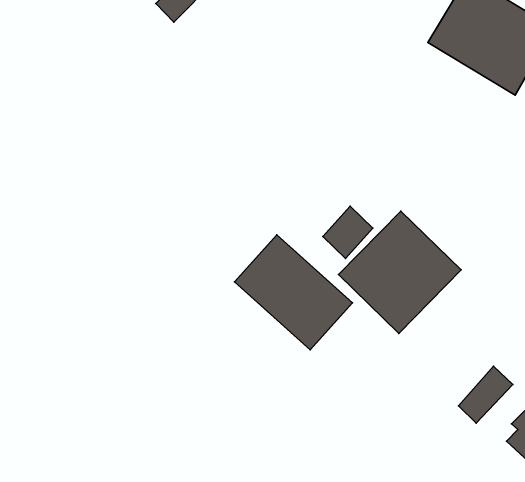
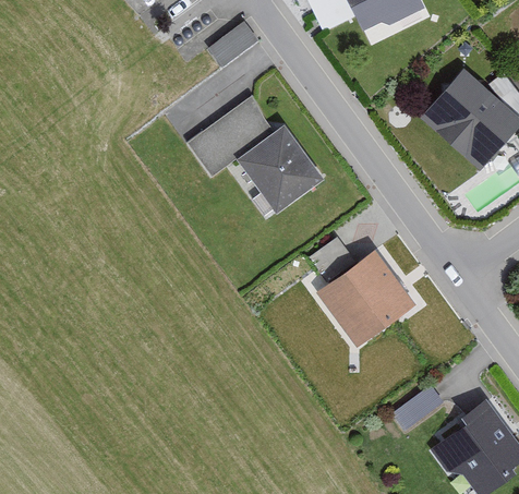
building: none -> [186,97,324,214]
building: [234,235,353,350] -> none

